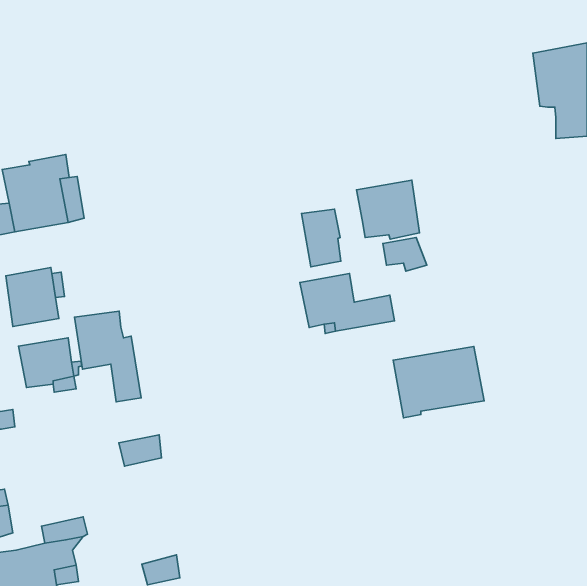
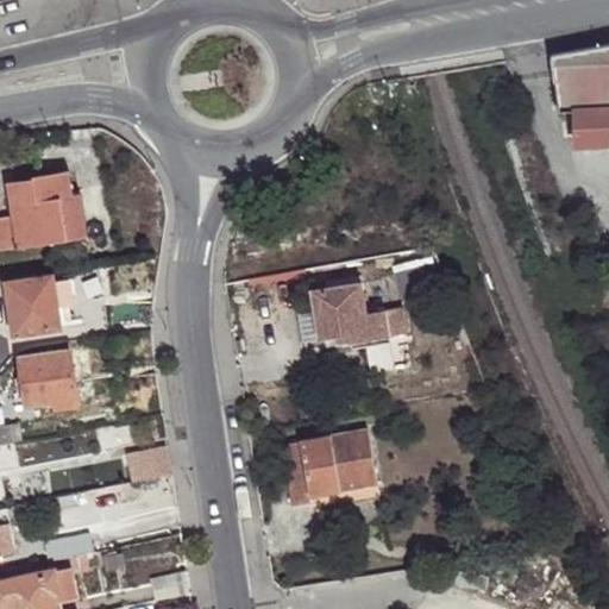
building: [356,180,419,239] -> none
building: [302,209,341,267] -> none
building: [74,311,141,402] -> none
building: [393,346,484,418] -> [282,432,376,506]

